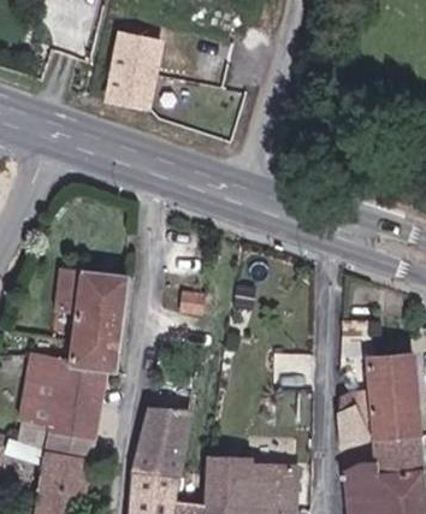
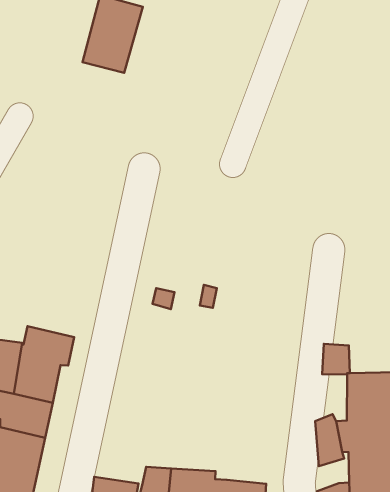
building: [55,265,123,344] -> none
building: [140,409,190,474] -> none

